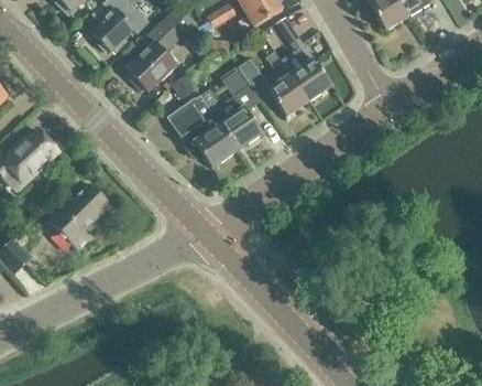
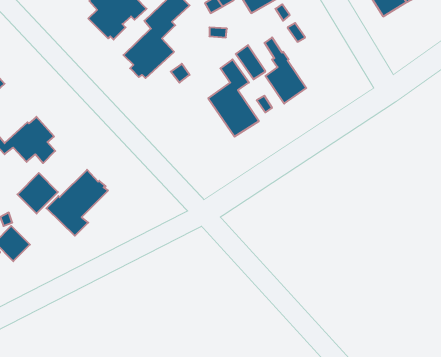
building: [291,57,332,100] -> none
building: [166,95,238,168] -> none
building: none -> [17,173,58,214]

